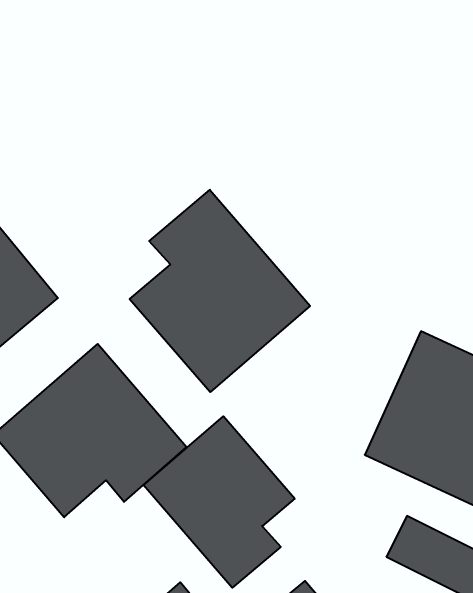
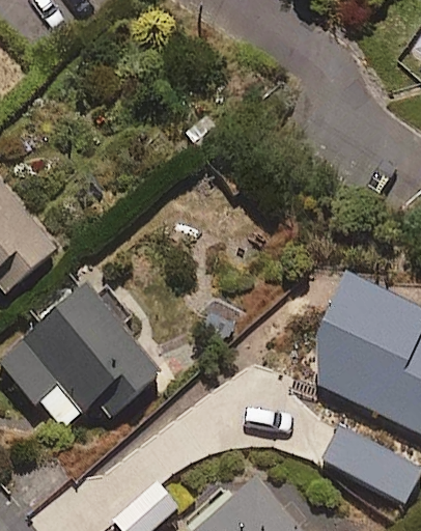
building: [130,190,310,392] -> none
building: [144,416,295,588] -> none

